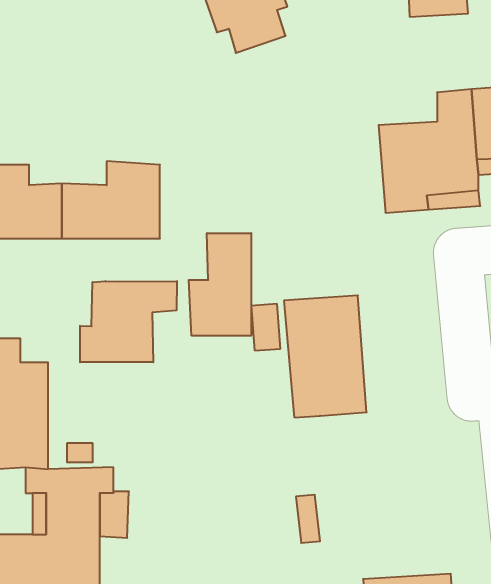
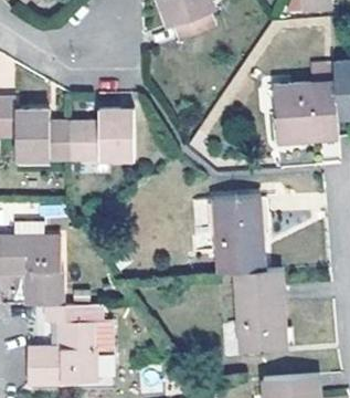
building: [189,233,251,336] -> none
building: [80,281,177,362] -> none
building: none -> [235,269,286,352]

